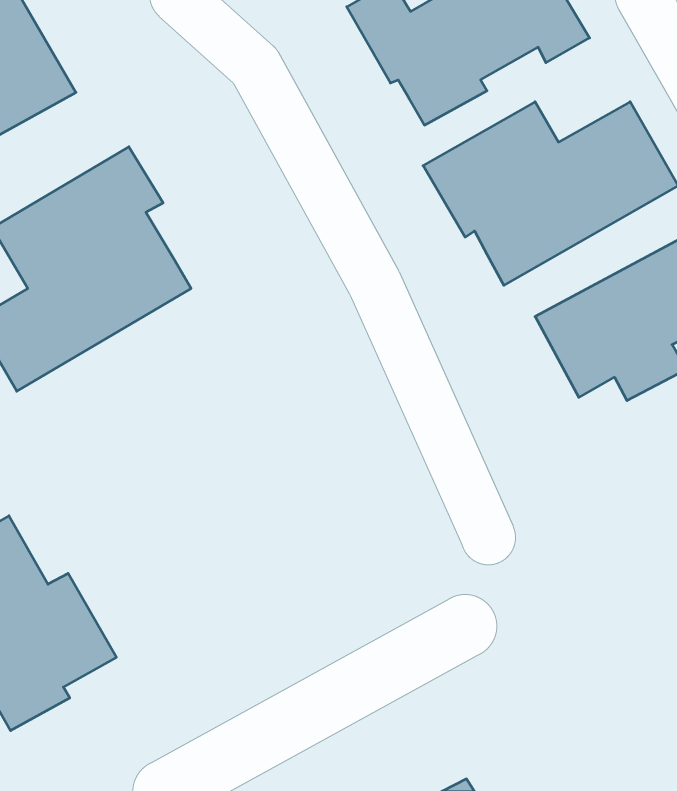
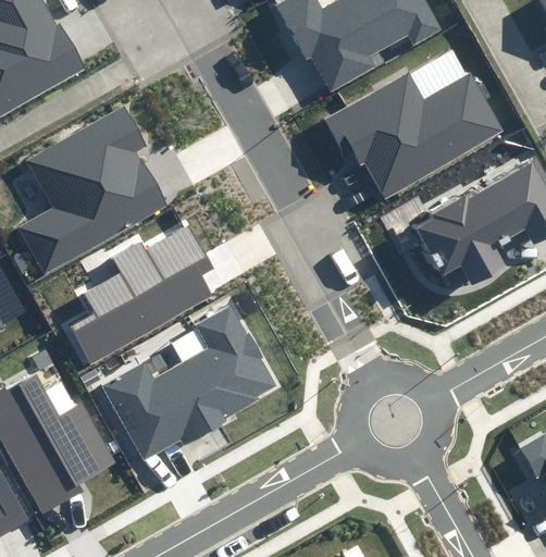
building: none -> [66,223,227,363]
building: none -> [100,305,280,459]

